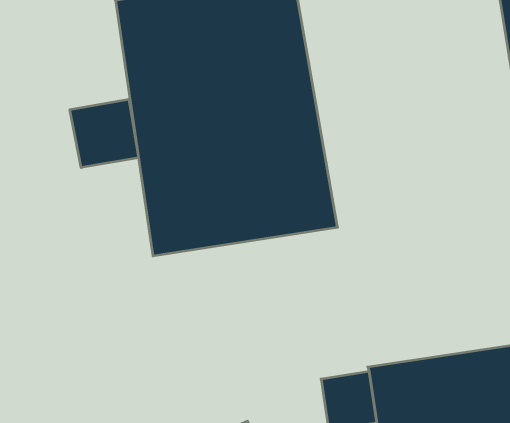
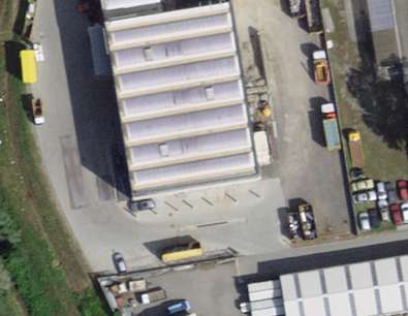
building: [70,99,138,168] -> none

